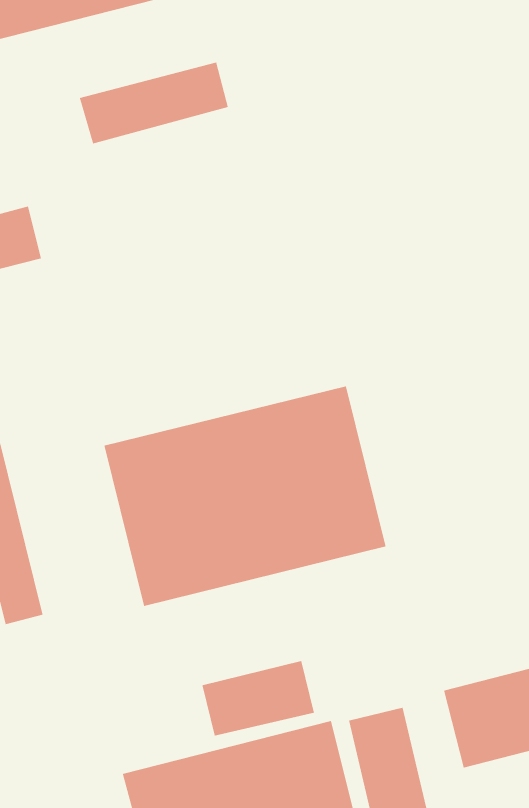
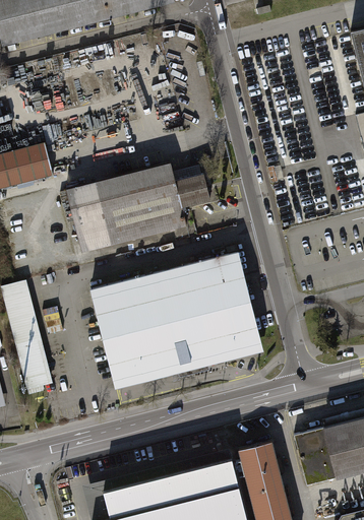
building: [79,61,229,145] -> none
building: none -> [66,160,209,250]
building: [202,660,315,736] -> none

